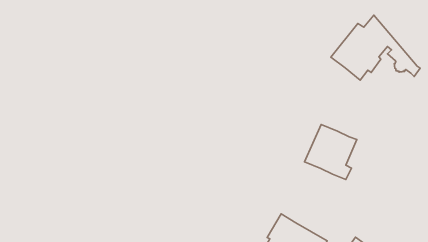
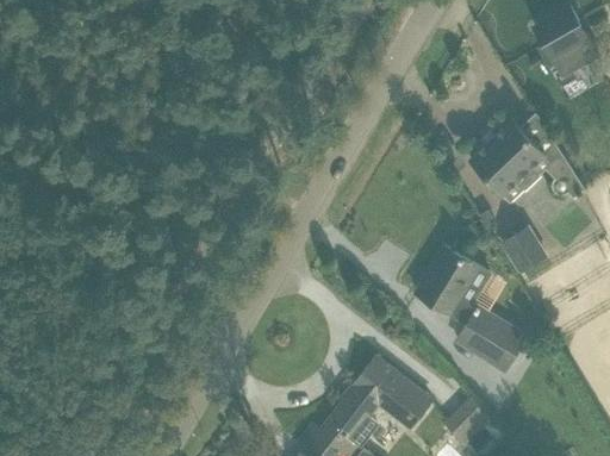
building: none -> [503,229,547,273]
building: none -> [458,311,525,371]

